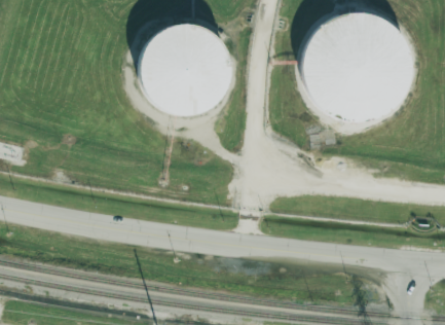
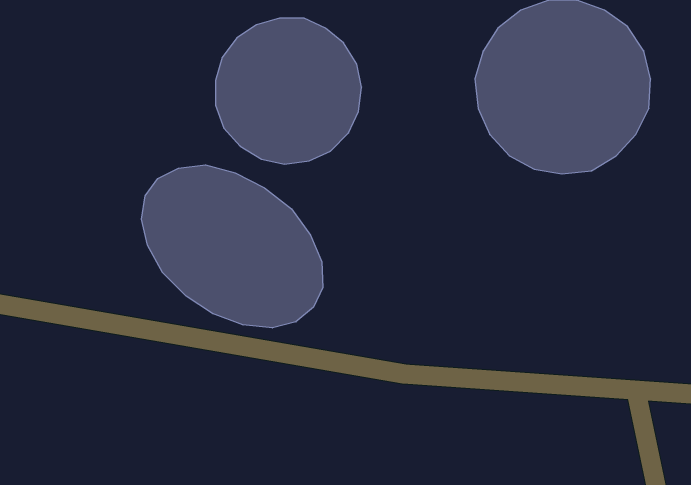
building: none -> [141,165,323,328]

